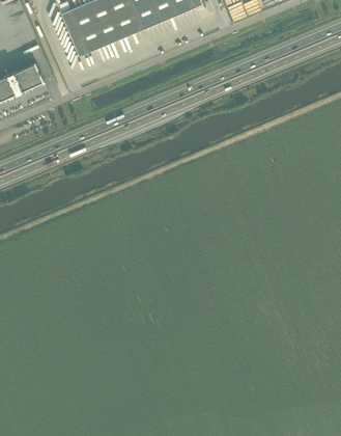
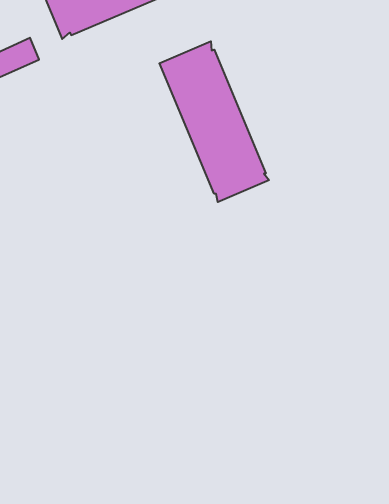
building: none -> [159,41,269,202]

